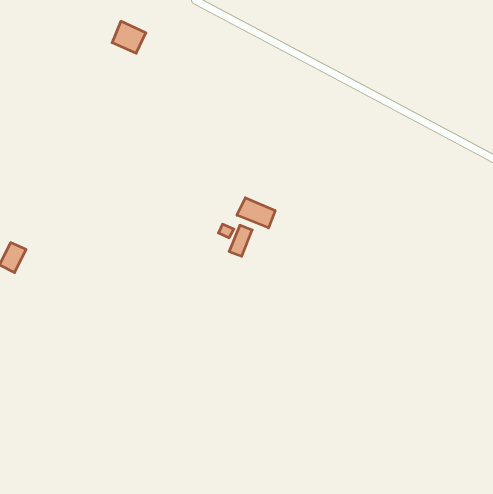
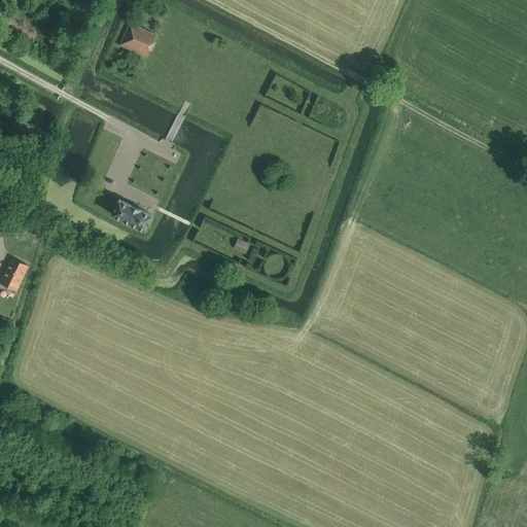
building: none -> [111,200,151,231]
building: [237,198,275,228] -> none

